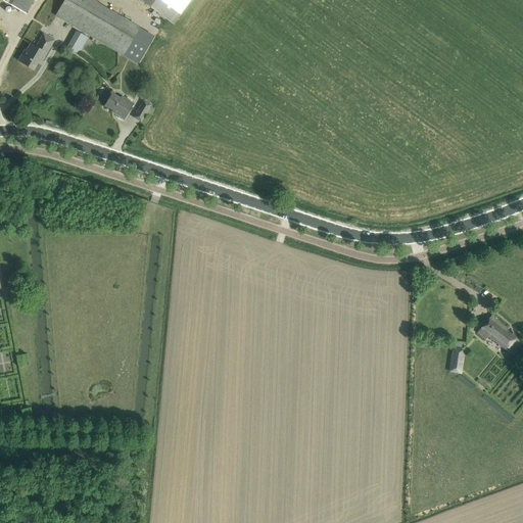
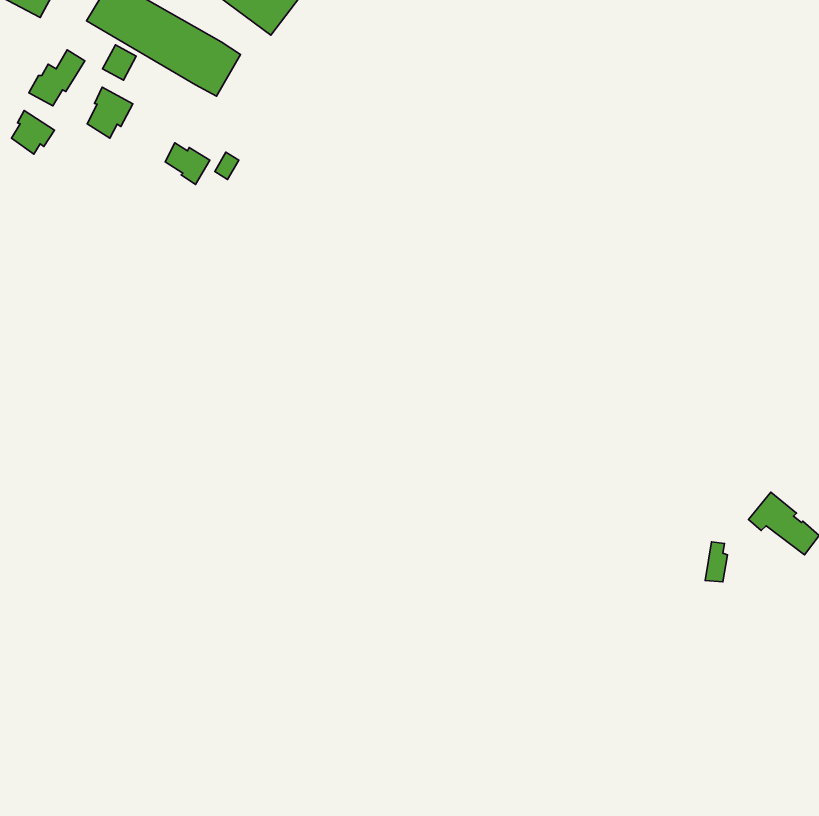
building: none -> [87,87,133,138]
building: none -> [11,111,54,154]

